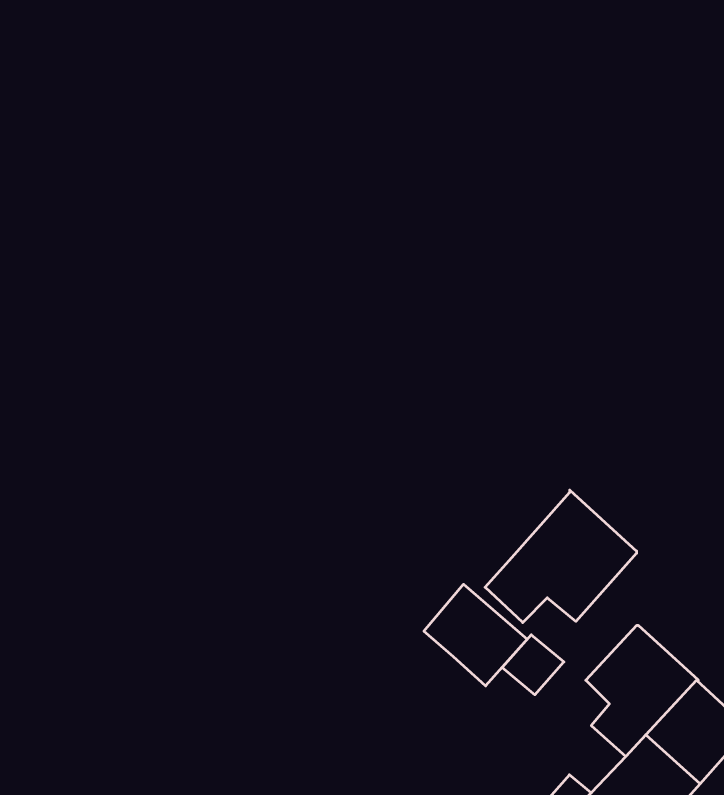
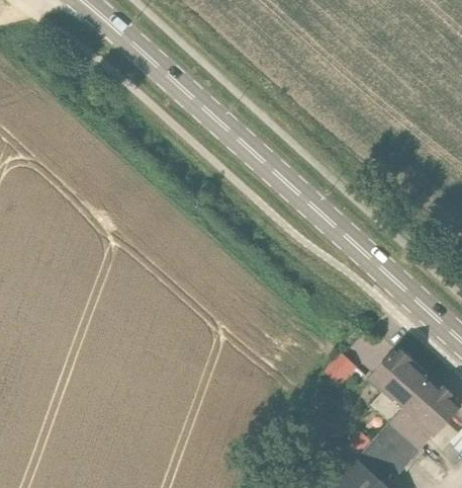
building: [485,490,637,623] -> none
building: [424,584,527,686] -> none

